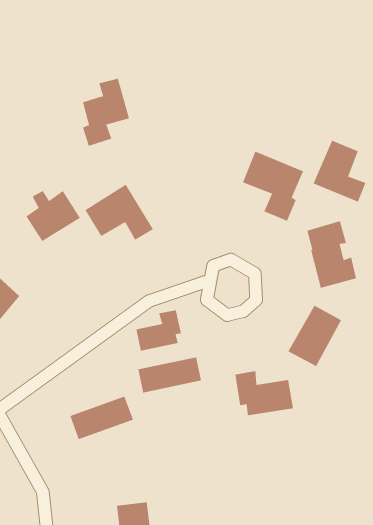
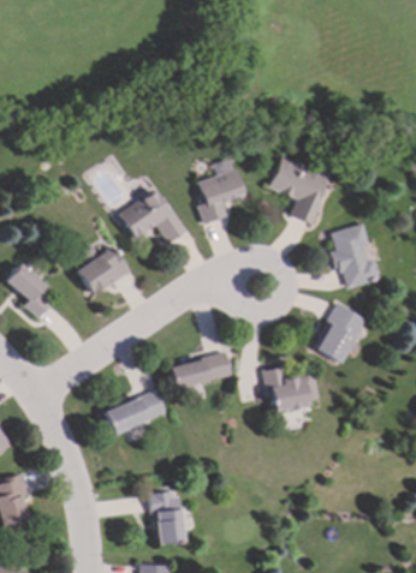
building: [82,78,130,146] -> [198,159,244,223]
building: [313,140,366,203] -> none
building: [25,190,81,242] -> [77,245,130,294]
building: [136,309,182,352] -> none

